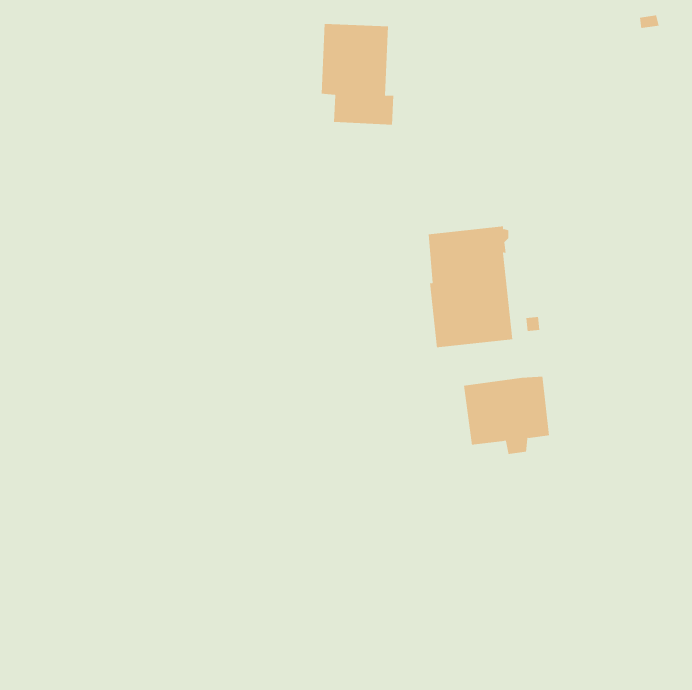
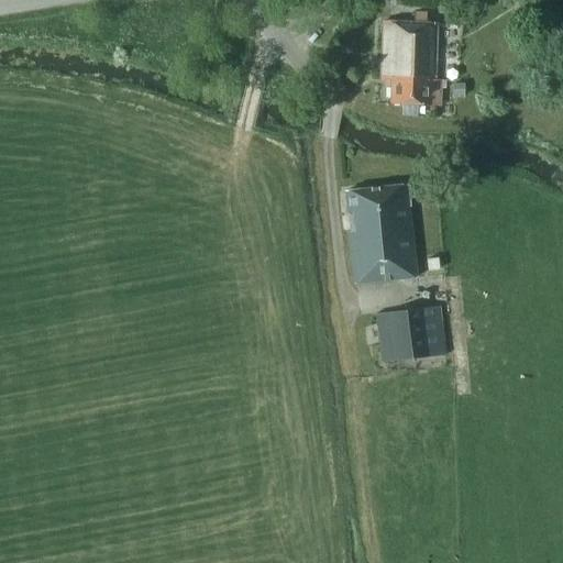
building: [321,24,394,125] -> [380,21,440,103]

